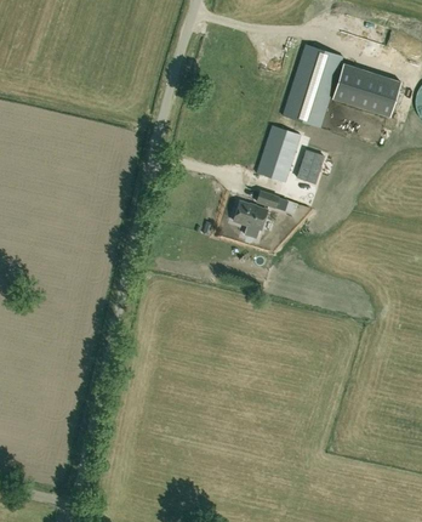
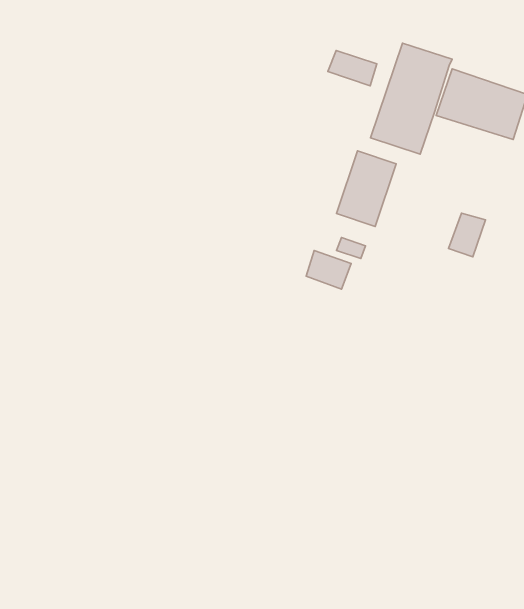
building: none -> [328,50,377,86]
building: [296,151,324,183] -> [449,213,486,257]

